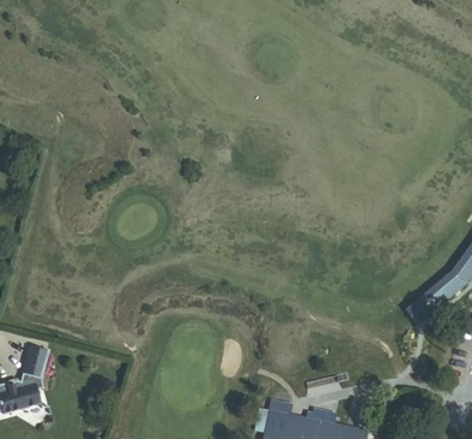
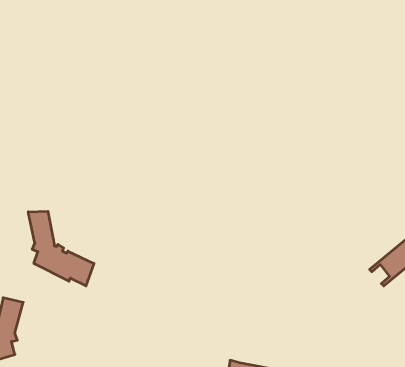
building: none -> [28,211,94,286]

